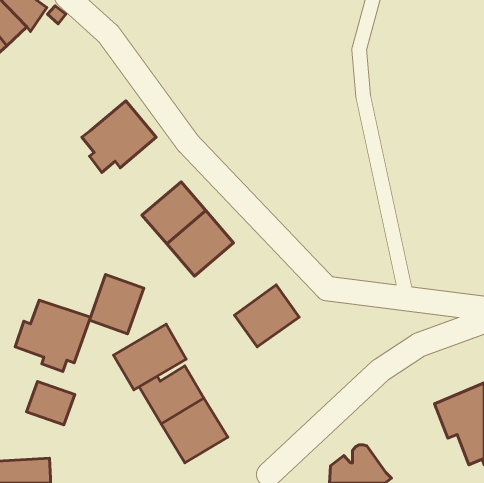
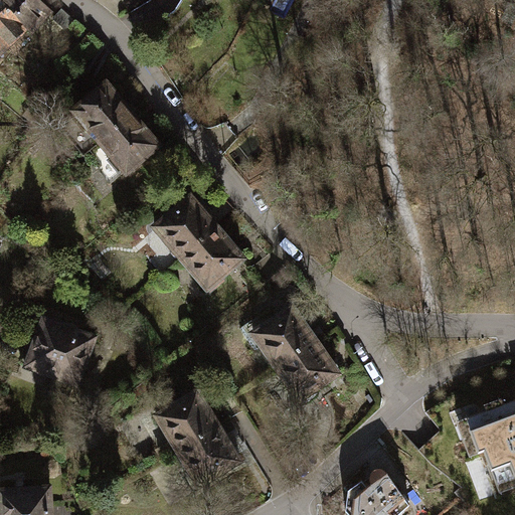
building: none -> [71,77,133,138]
building: [89,275,144,334] -> none
building: none -> [272,335,343,404]
building: [114,324,186,390] -> none
building: [26,381,75,425] -> none

